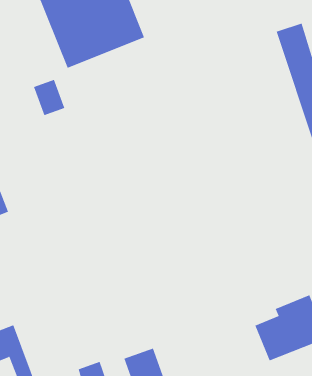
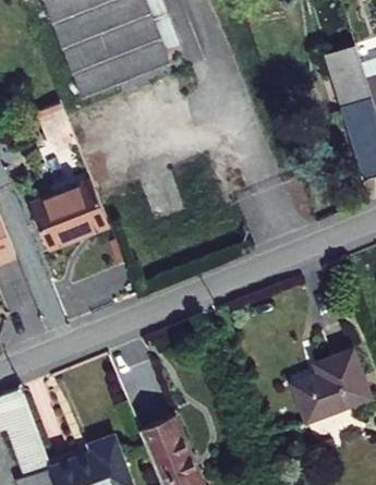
building: none -> [34,182,111,251]

